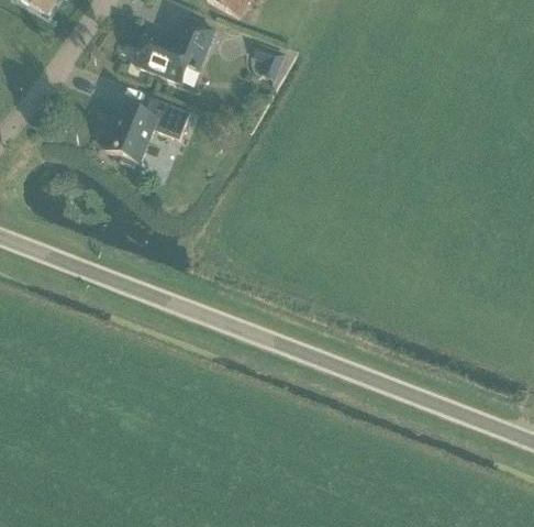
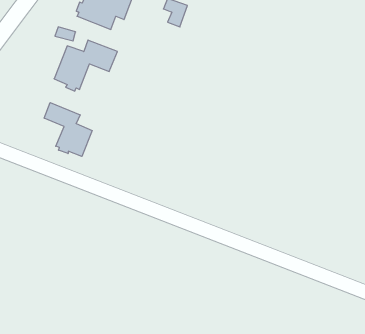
building: none -> [44,103,92,156]

